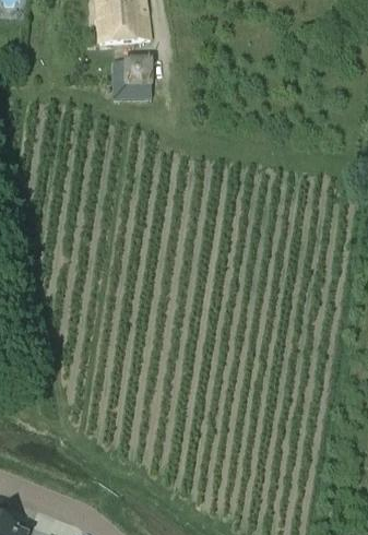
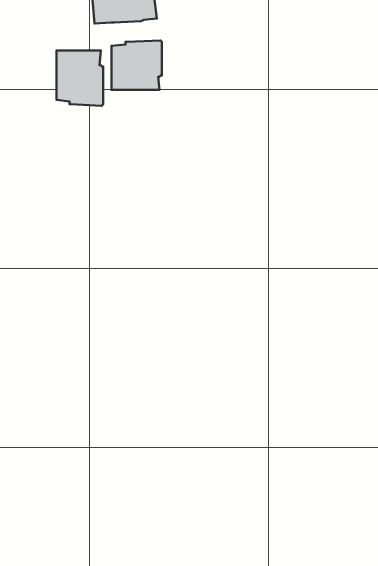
building: none -> [57,51,103,106]

